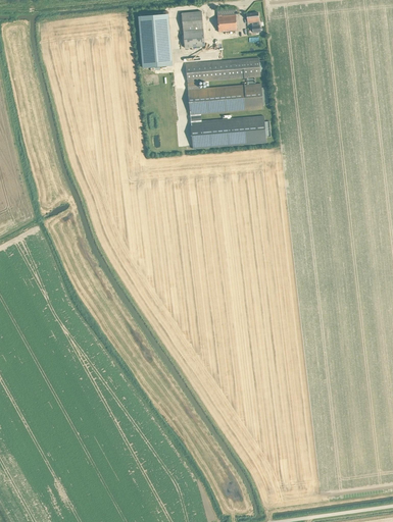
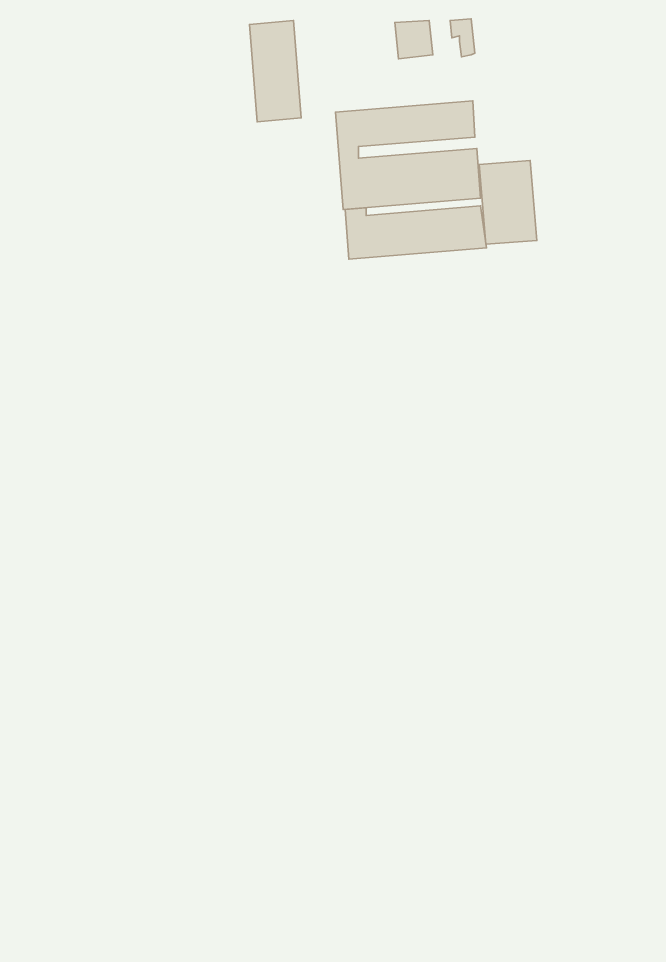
building: [182,11,205,48] -> none
building: none -> [479,161,537,244]

